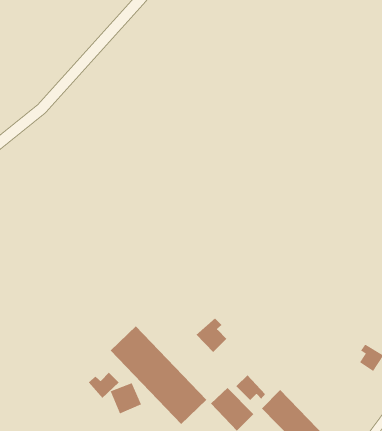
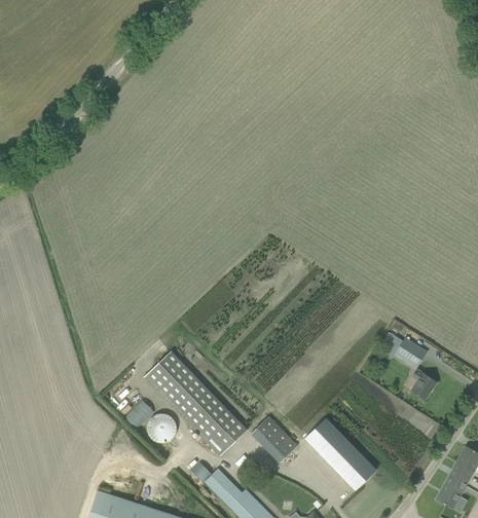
building: none -> [383,332,429,369]
building: [196,318,227,353] -> none
building: [236,374,266,401] -> none

